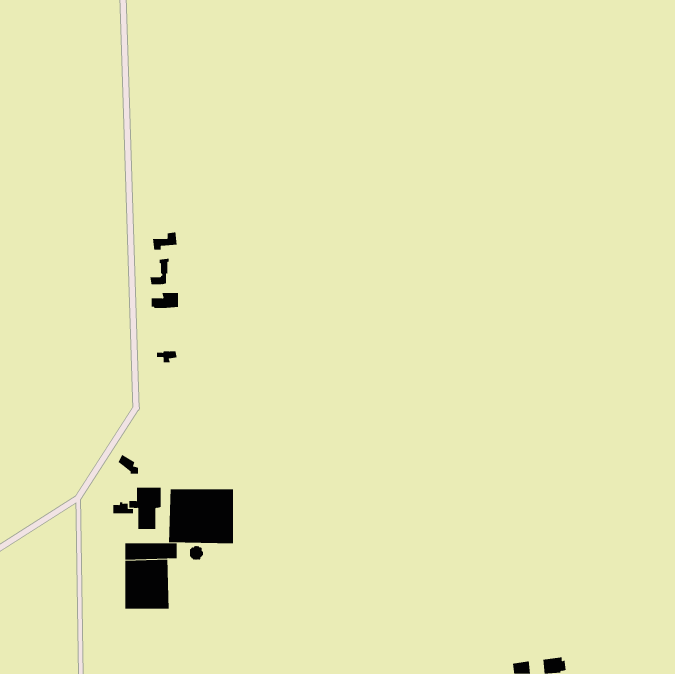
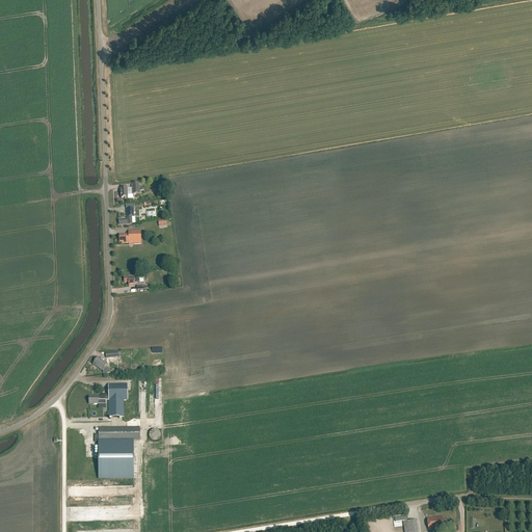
building: [168,488,233,544] -> none

